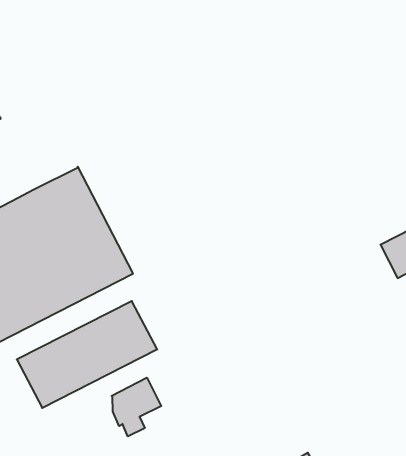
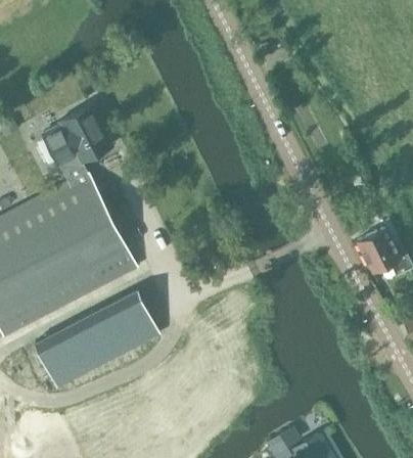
building: none -> [43,104,112,182]
building: [112,378,161,436] -> none

